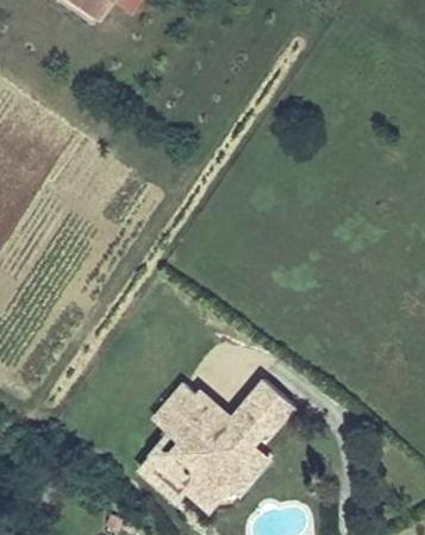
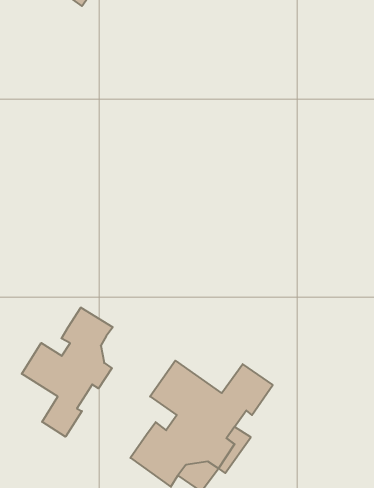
building: none -> [22,307,113,437]

